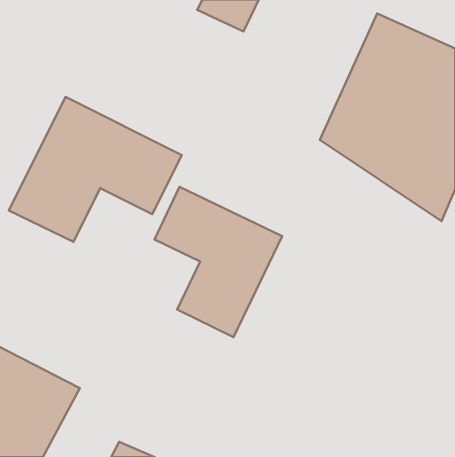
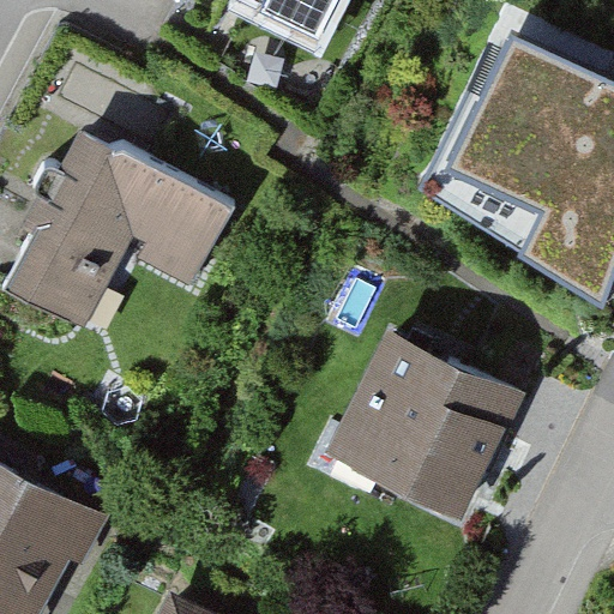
building: [154,187,282,337] -> none
building: none -> [317,333,525,535]

